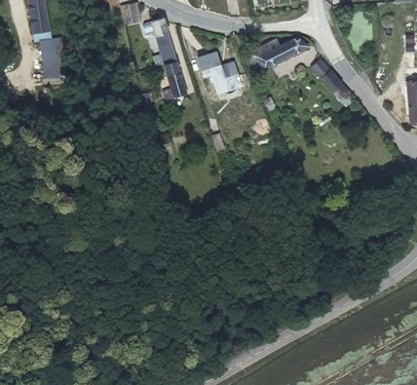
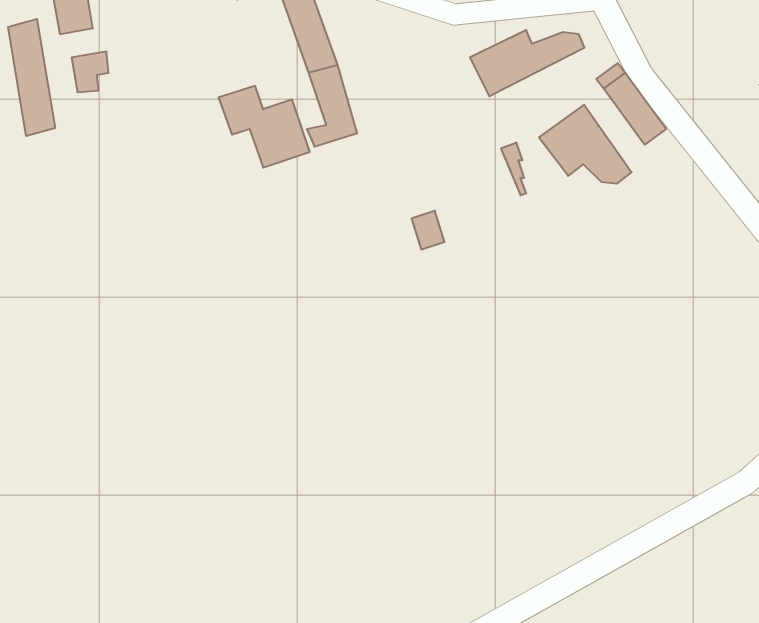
building: none -> [8,19,55,136]
building: [196,56,244,100] -> [218,86,310,168]
building: none -> [539,105,632,184]

